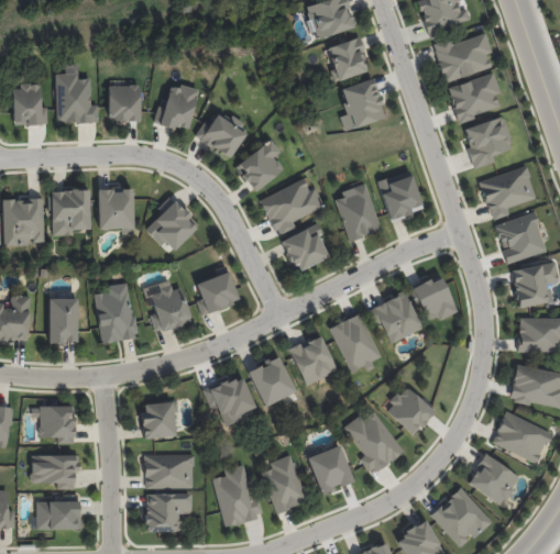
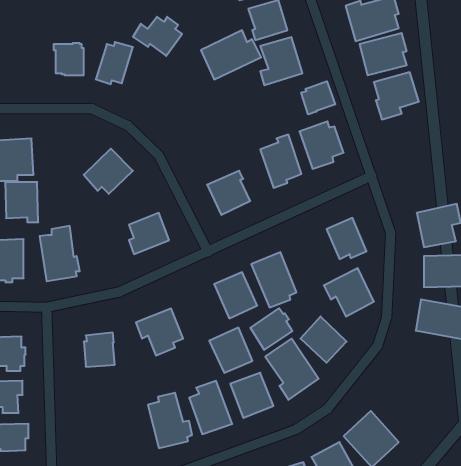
building: [58,75,100,123] -> none
building: [195,114,249,157] -> [133,17,182,56]
building: none -> [301,81,335,114]
building: [240,145,286,190] -> none
building: [479,166,536,220] -> none
building: [259,178,325,232] -> [201,30,261,79]
building: [97,189,133,233] -> [5,182,38,222]
building: [494,212,546,263] -> none
building: [151,287,195,334] -> none
building: [366,291,421,344] -> [324,268,374,317]
building: [246,356,294,406] -> [209,328,252,373]
building: none -> [250,308,292,350]
building: [491,411,550,463] -> none
building: [143,454,193,488] -> none
building: [466,454,519,506] -> none
building: [144,492,190,532] -> none

